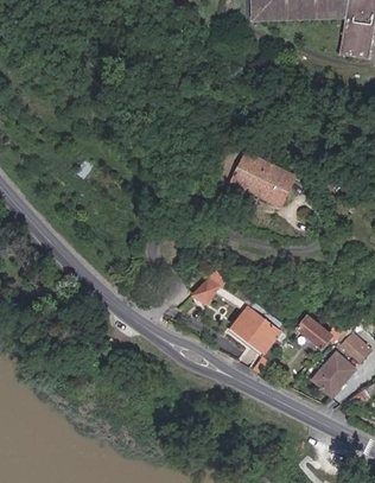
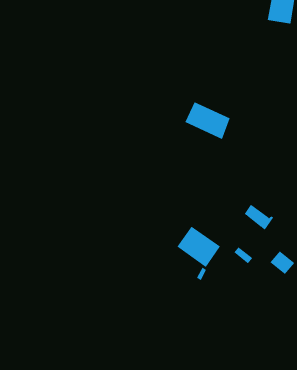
building: [190,271,225,304] -> none
building: [298,316,335,348] -> [244,204,274,230]
building: [312,355,352,396] -> none

